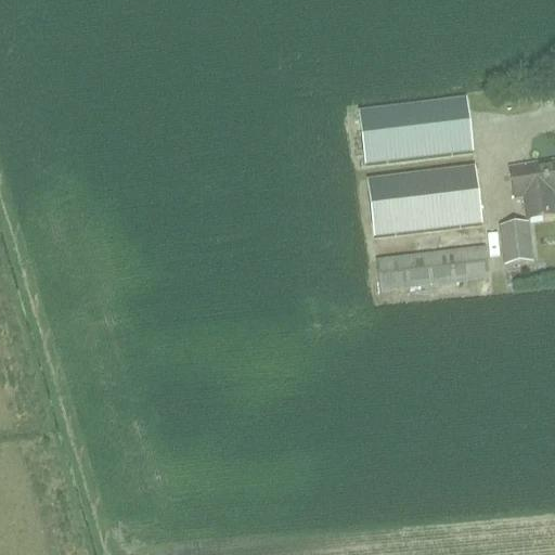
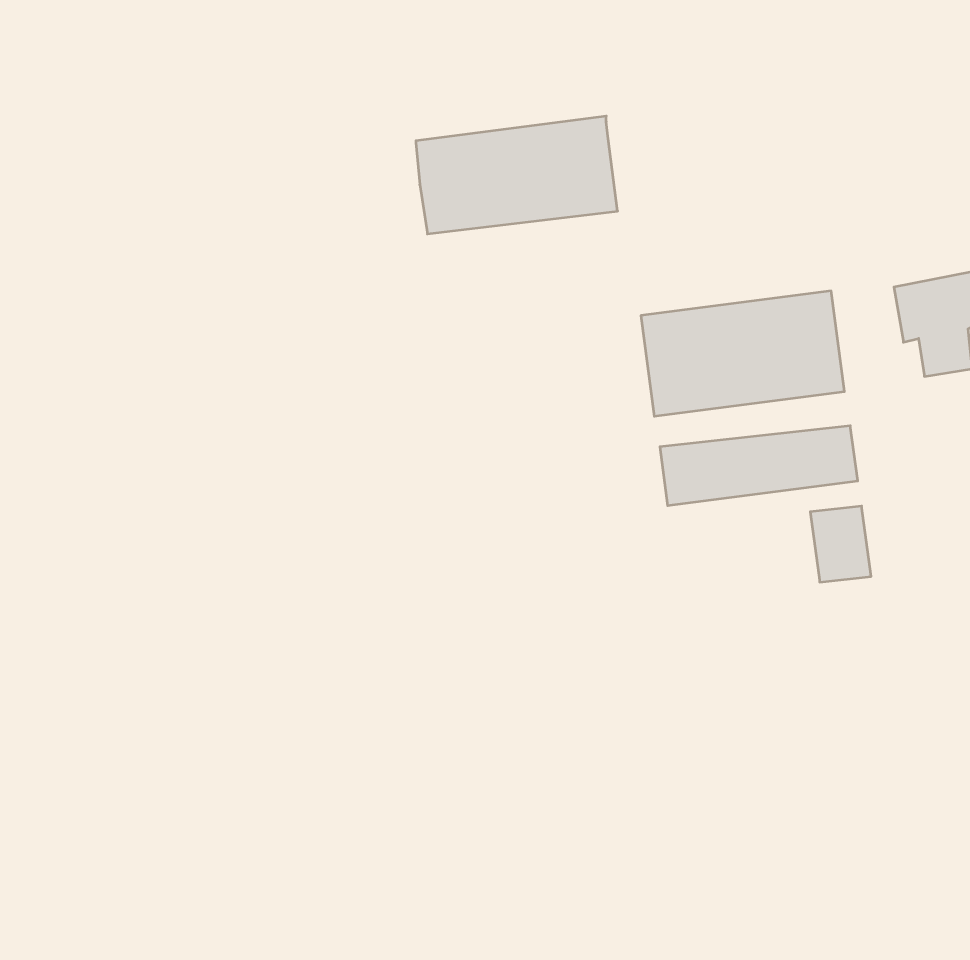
building: [359,94,474,162] -> [416,116,618,234]
building: [500,219,534,262] -> [810,506,871,582]

